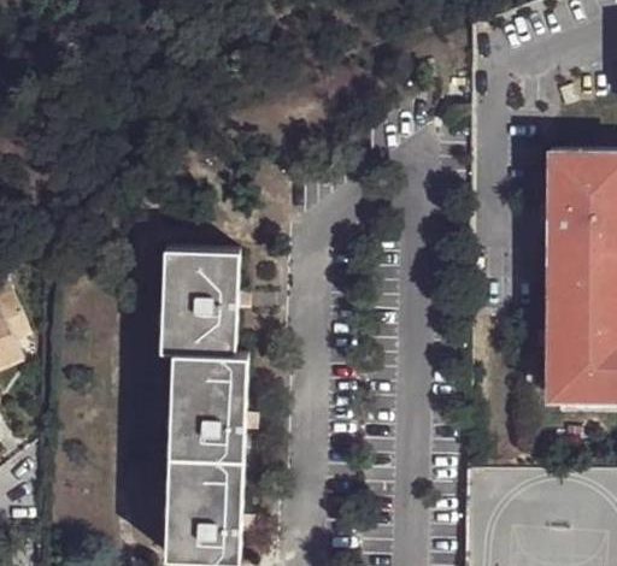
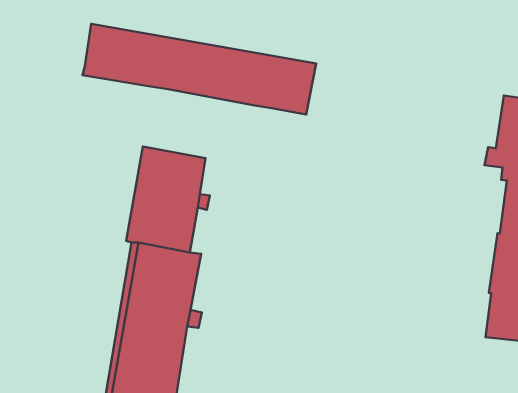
building: none -> [83,24,316,114]

